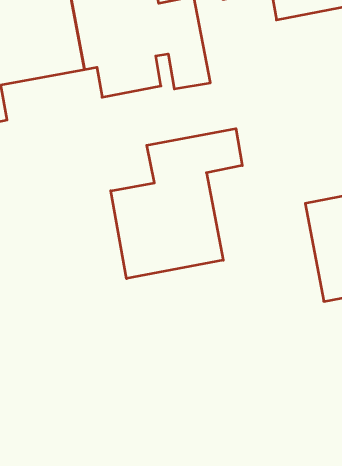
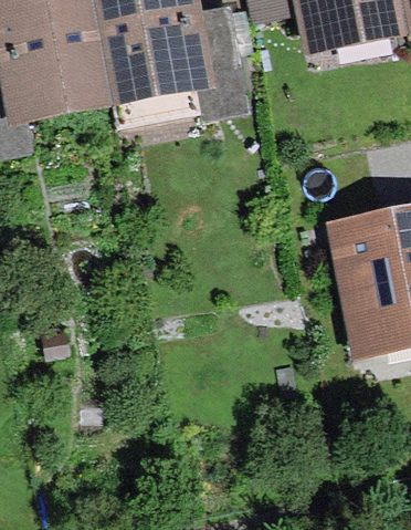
building: [111,129,242,279] -> none

